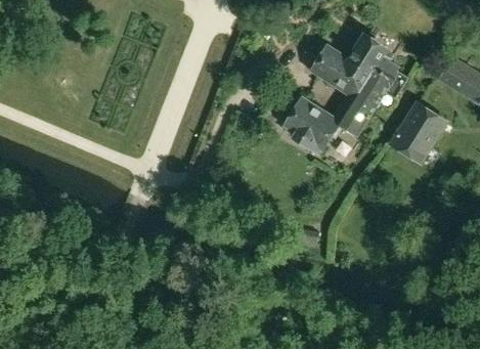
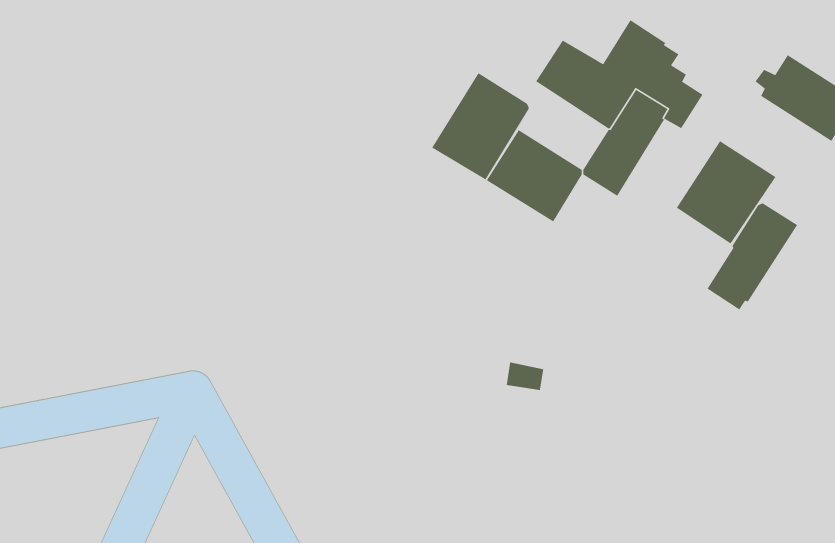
building: none -> [431,72,530,180]
building: none -> [706,202,798,311]

